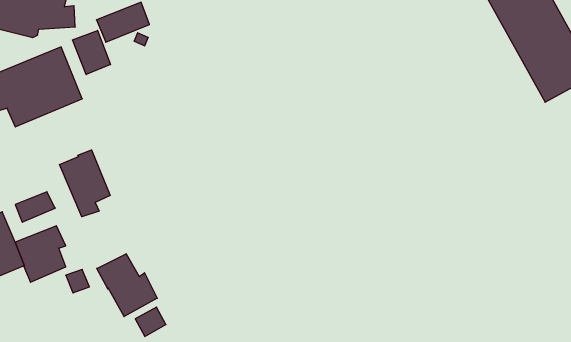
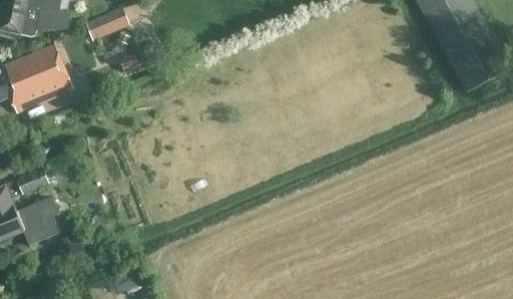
building: [72,30,110,75] -> none
building: [59,150,110,217] -> none
building: [97,254,157,317] -> none

